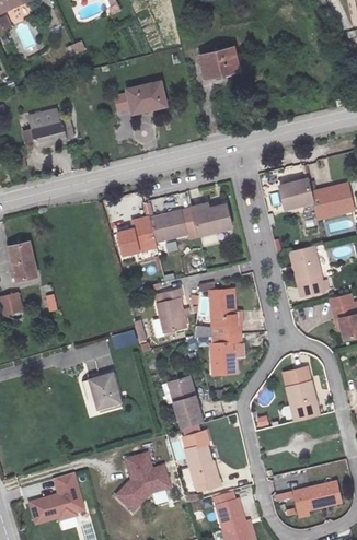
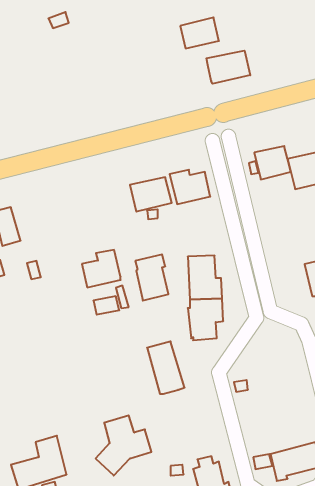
building: none -> [206,51,250,84]
building: [124,82,166,110] -> none
building: [34,110,79,139] -> none
building: [116,216,156,255] -> [82,250,121,287]
building: [289,246,326,298] -> none
building: [280,366,320,422] -> none
building: [88,374,117,408] -> none
building: [182,425,221,492] -> none

